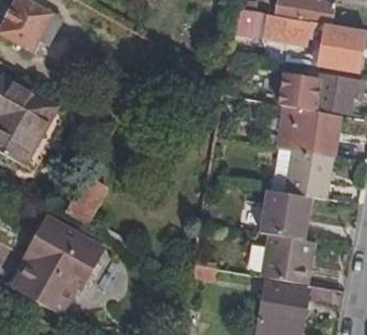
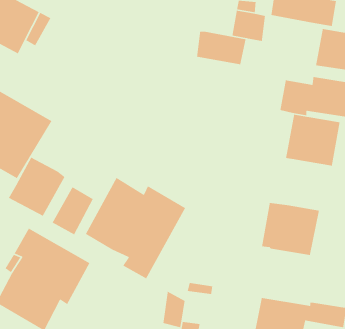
building: [264,15,312,48] -> [196,31,247,65]
building: none -> [8,157,66,217]
building: [288,152,335,201] -> none
building: none -> [85,177,186,280]
building: [263,235,318,286] -> none

